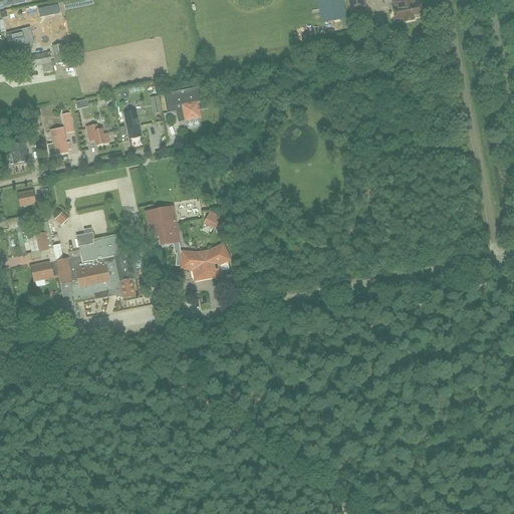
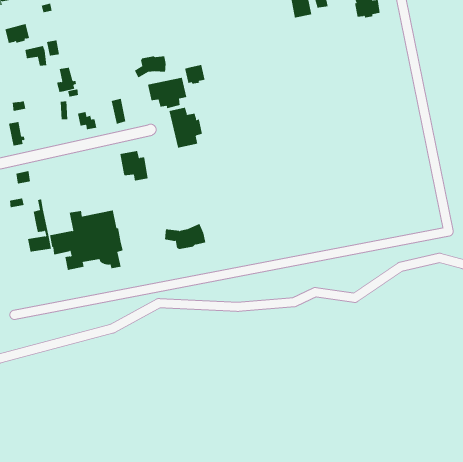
building: none -> [134,55,166,78]
building: none -> [185,64,205,85]
building: none -> [169,107,202,148]
building: [46,126,69,155] -> [56,67,77,92]
building: [146,209,178,243] -> [120,150,149,181]

